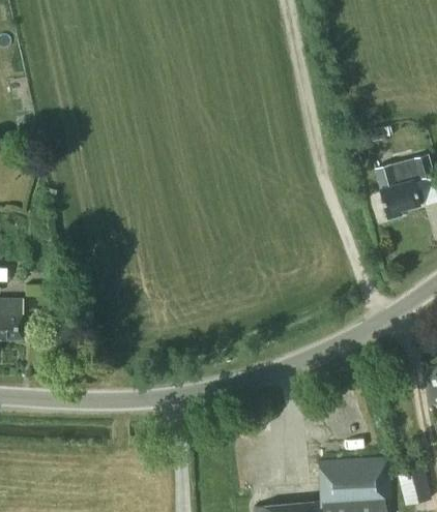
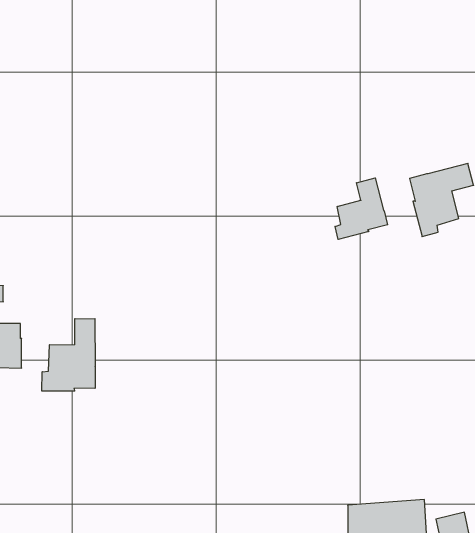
building: none -> [335,178,388,239]
building: none -> [42,319,95,391]

